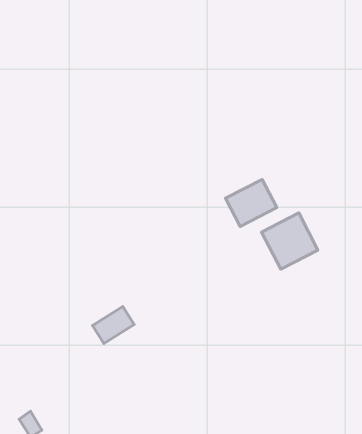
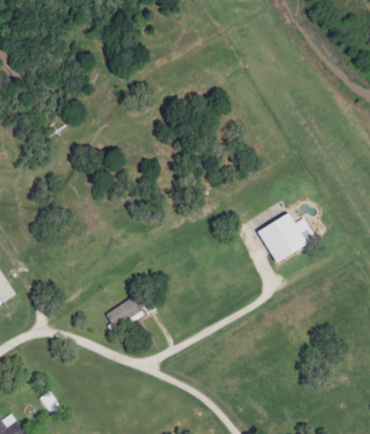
building: [226,179,277,226] -> none

